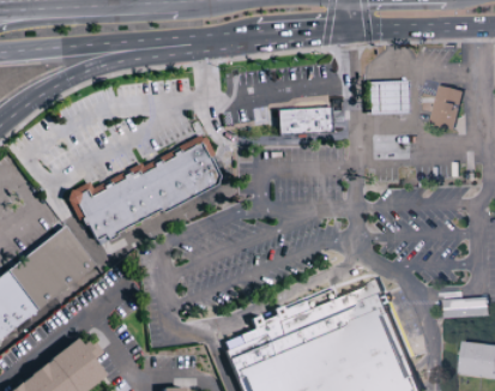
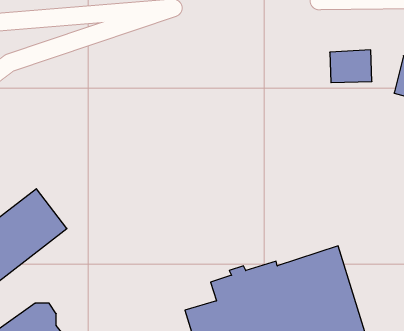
building: [279,107,334,136] -> none
building: [68,138,222,239] -> none

